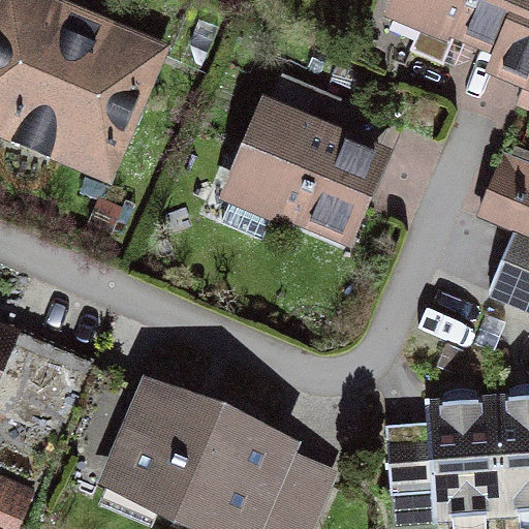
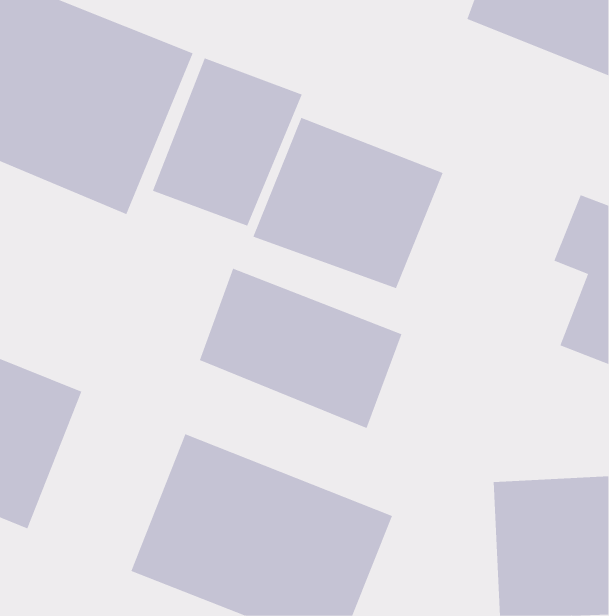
building: none -> [152,58,302,227]
building: none -> [199,268,402,429]

